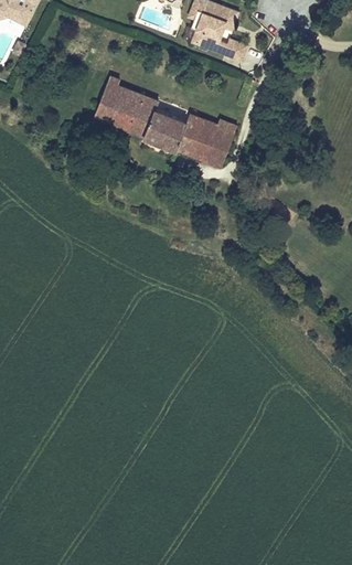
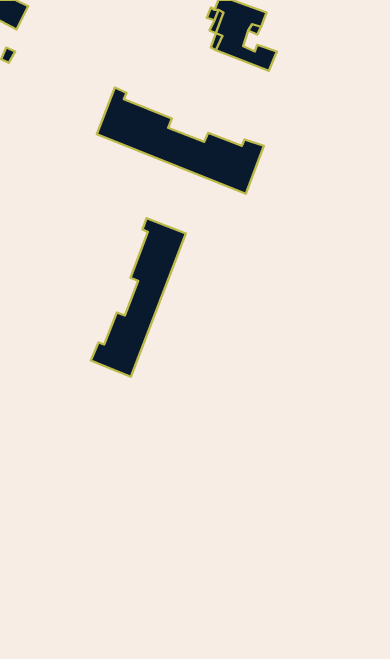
building: none -> [91,218,186,377]

